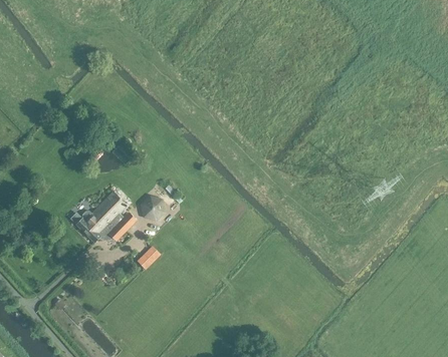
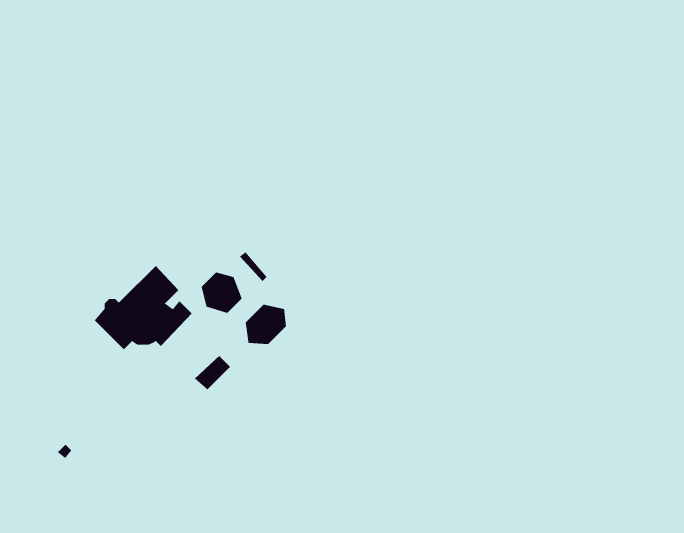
building: none -> [245,304,286,345]

